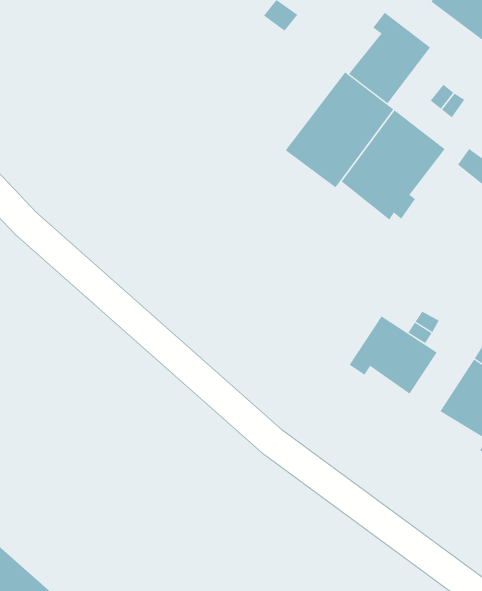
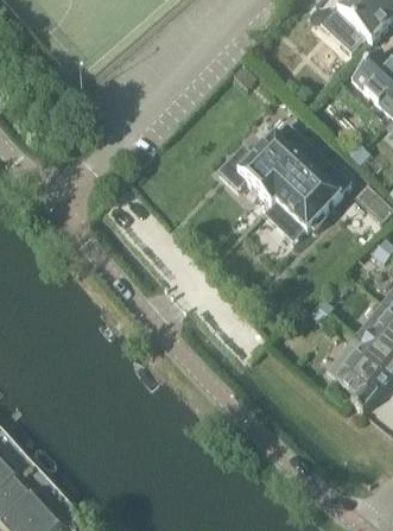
building: [348,12,431,104] -> none
building: [349,316,437,395] -> none

